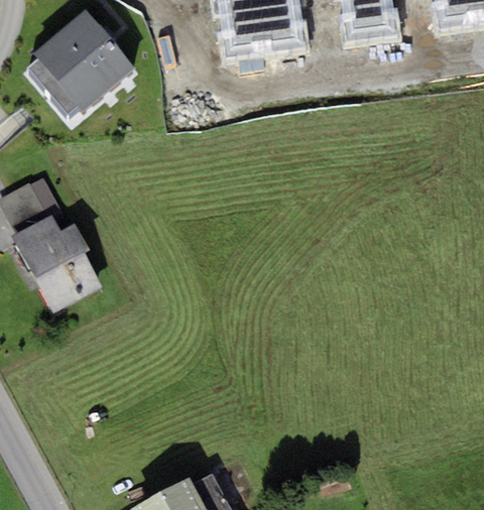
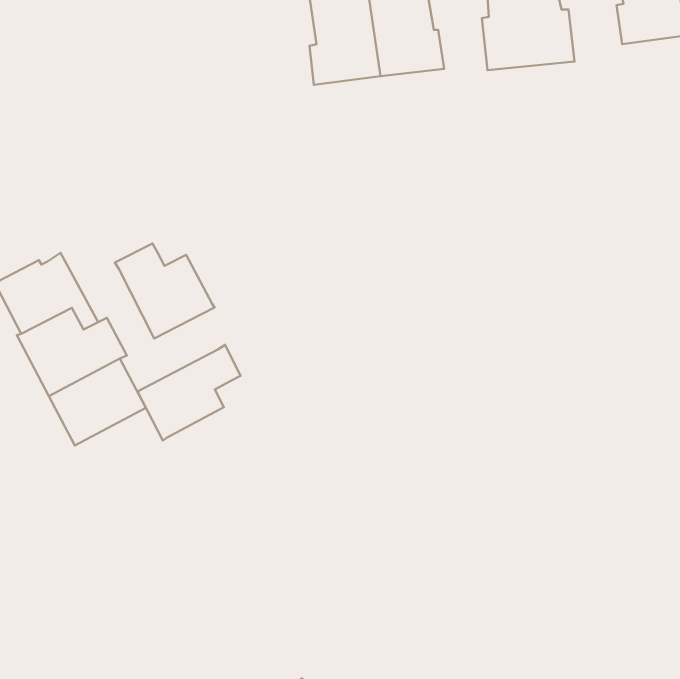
building: [27,9,134,114] -> none
building: none -> [115,244,215,339]
building: none -> [137,345,241,440]

